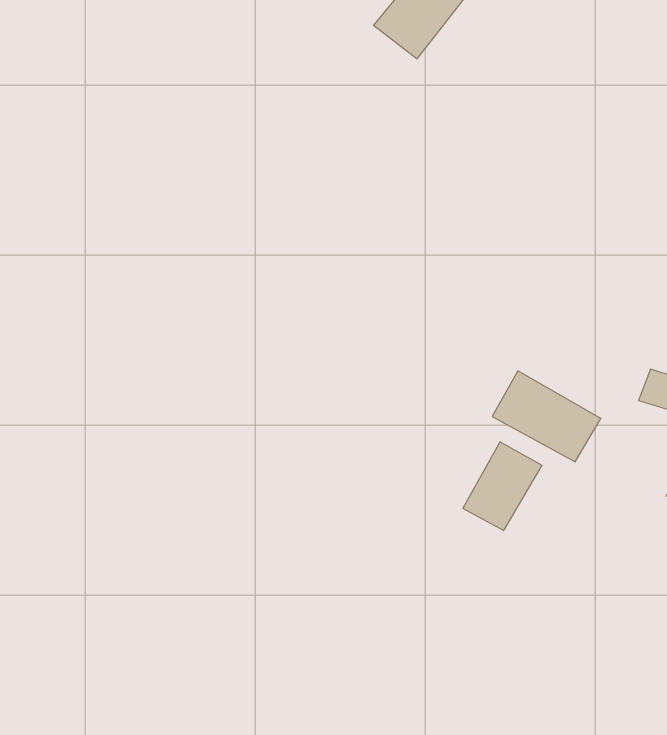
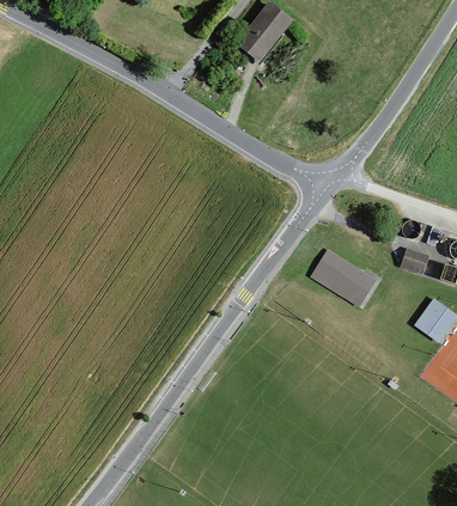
building: [463,442,542,531] -> none

